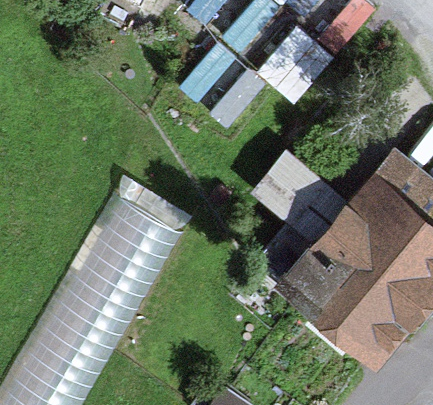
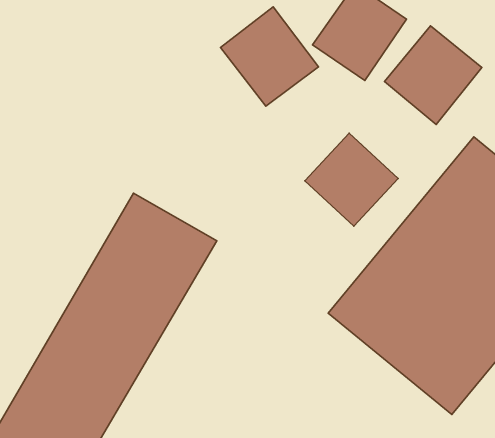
building: none -> [385,26,482,125]

